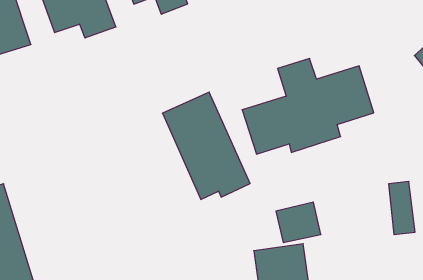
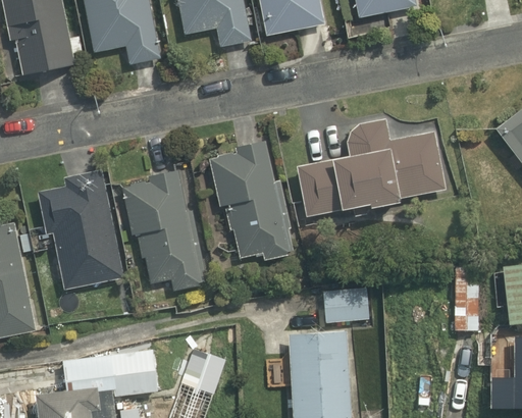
building: none -> [119,170,204,288]
building: none -> [36,169,123,288]

